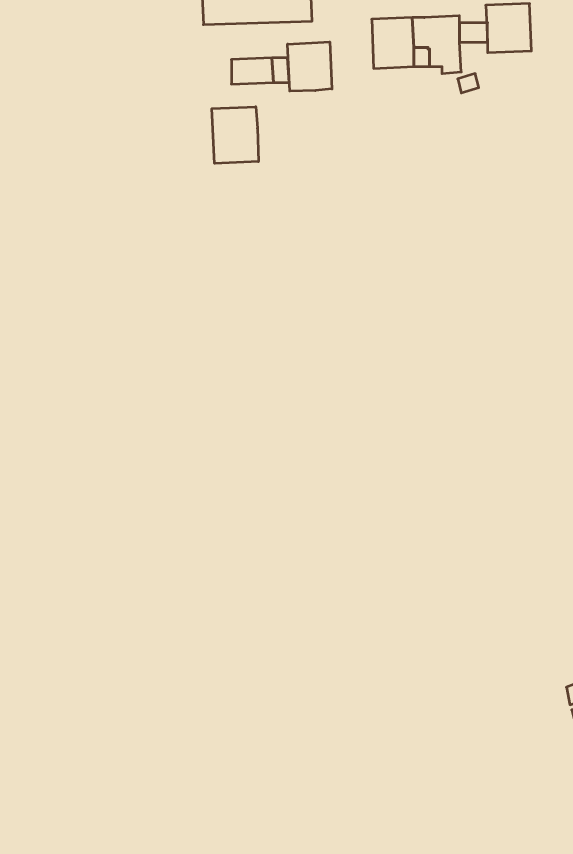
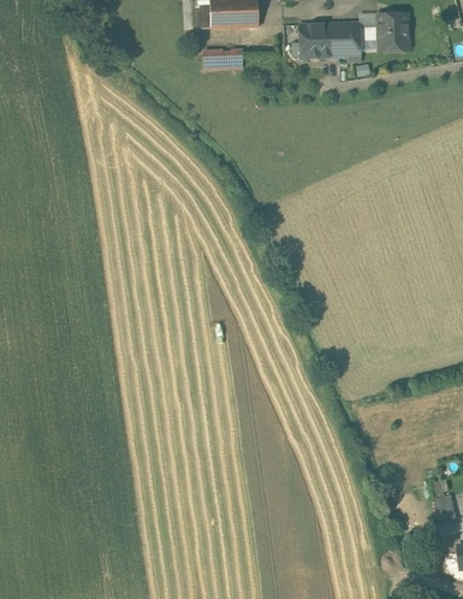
building: [288,42,332,91] -> none
building: [212,107,258,163] -> none

